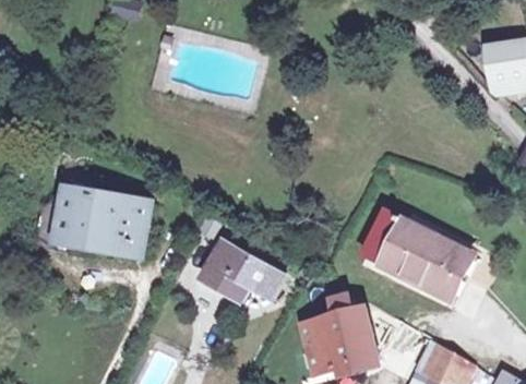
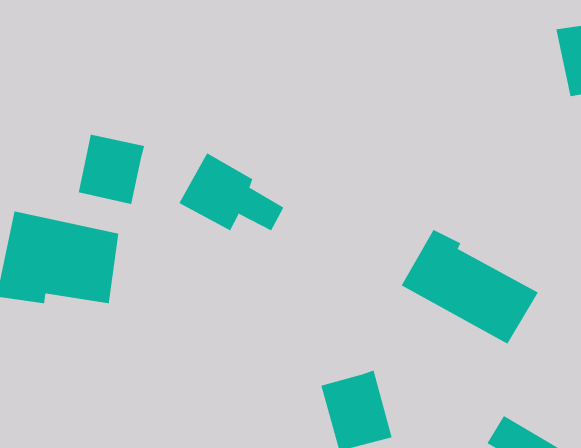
building: none -> [78,134,145,205]
building: [201,239,283,300] -> [179,152,284,231]
building: [331,297,379,363] -> none

